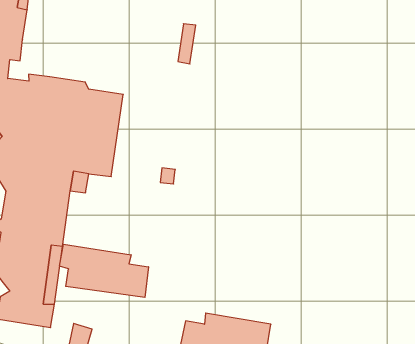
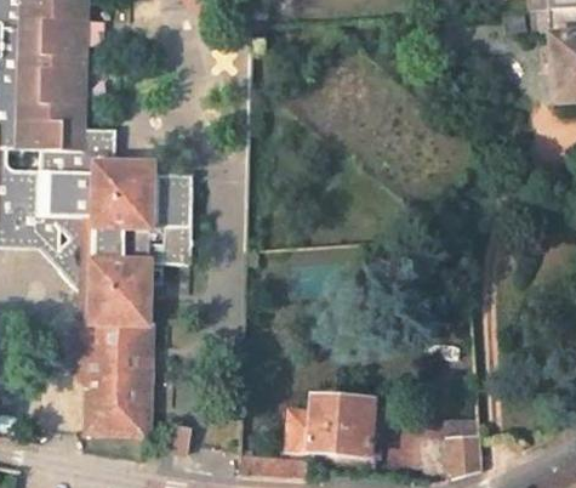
building: none -> [69,129,115,172]
building: [60,244,148,297] -> none

